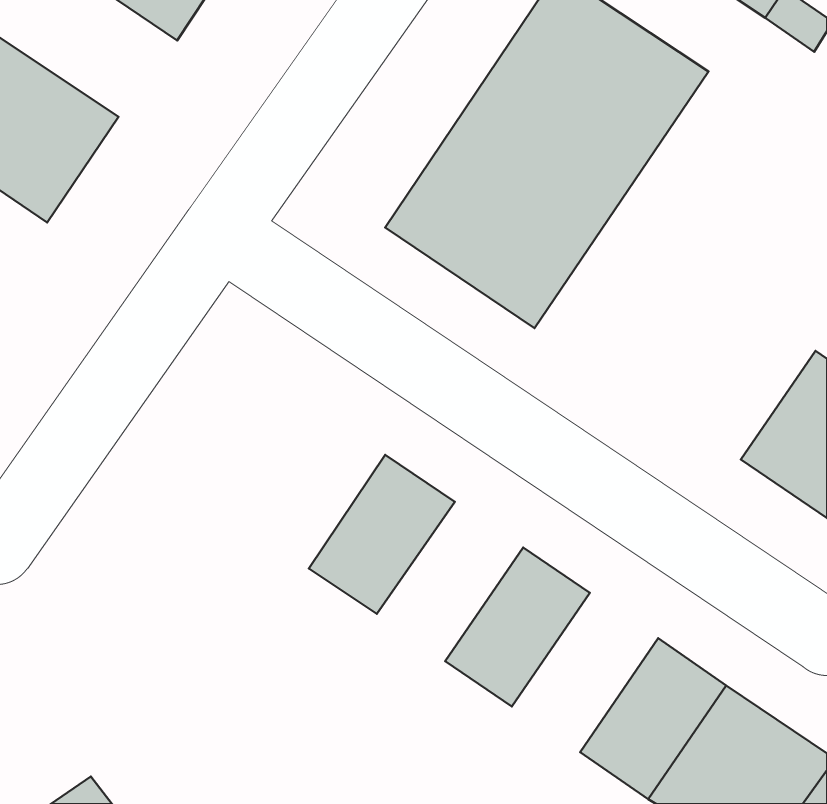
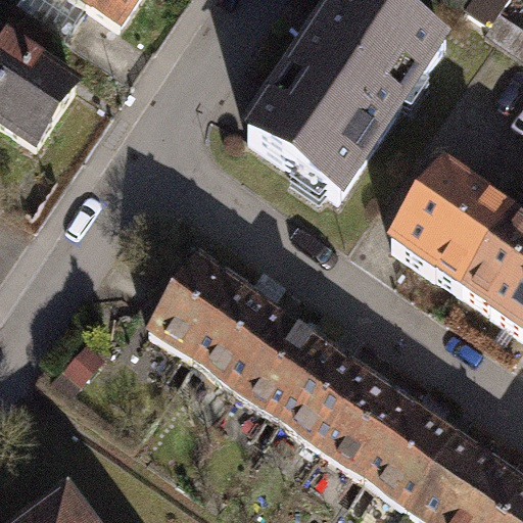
building: none -> [393,171,513,289]
building: none -> [145,253,242,358]
building: none -> [237,316,329,416]
building: none -> [322,373,414,473]

